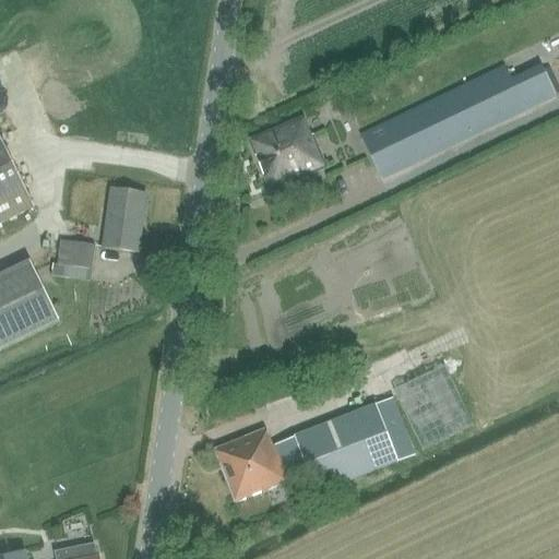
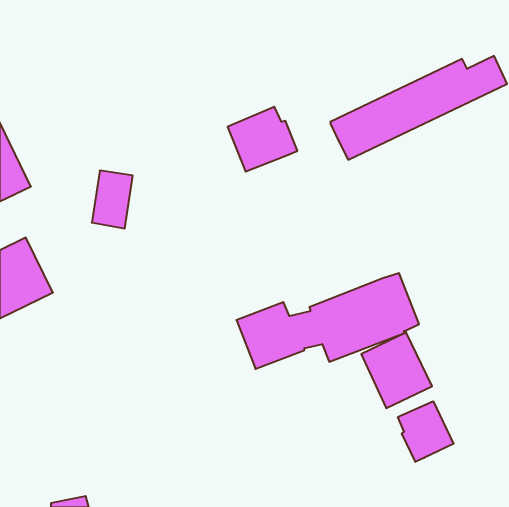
building: [55,238,94,278] -> none
building: [214,396,414,501] -> [236,273,419,369]
building: none -> [398,401,454,462]

